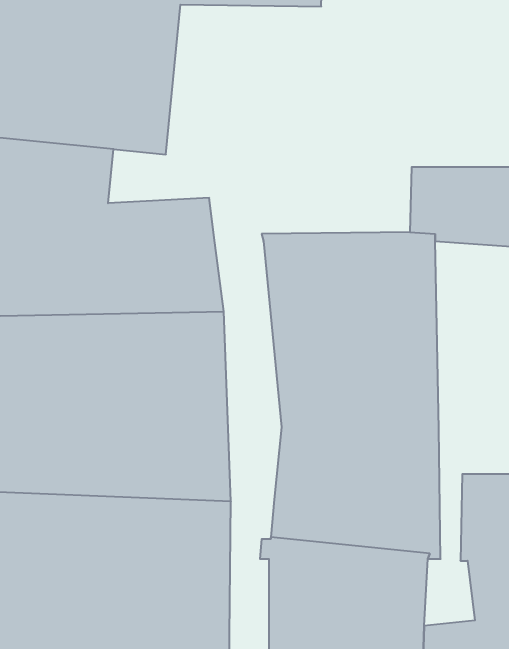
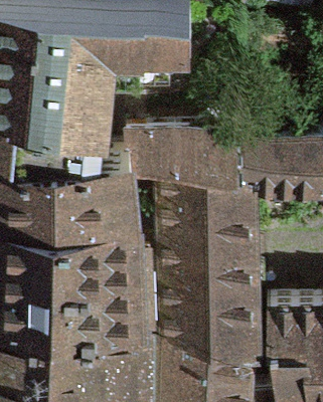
building: none -> [127,126,240,171]

